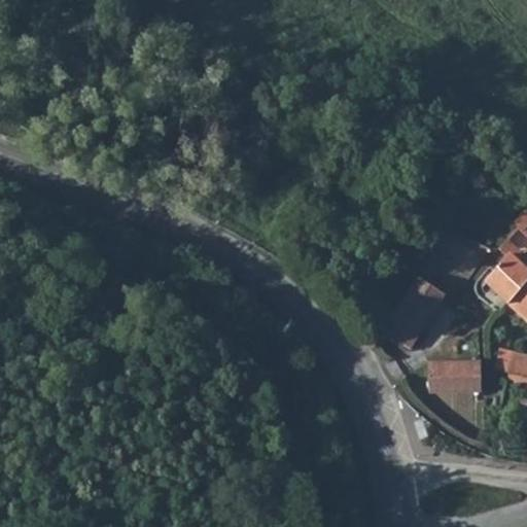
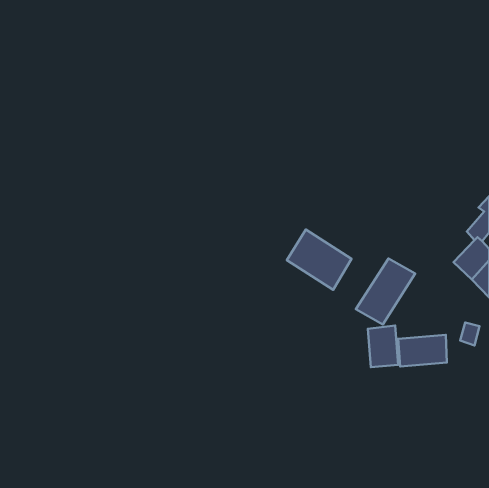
building: none -> [287,230,351,290]
building: none -> [368,326,398,367]

